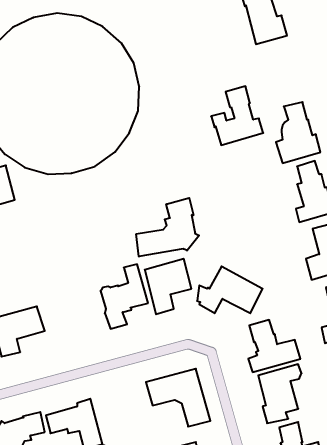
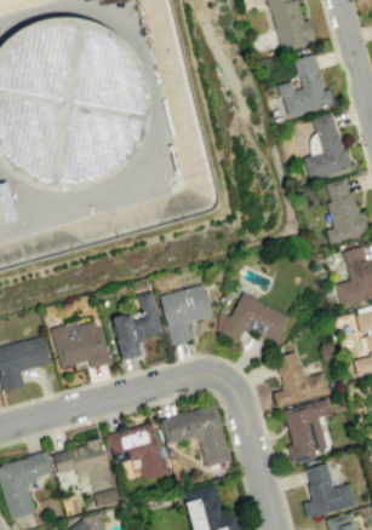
building: [211,86,263,145] -> [277,53,334,117]
building: [136,198,199,257] -> none
building: none -> [51,321,110,368]
building: none -> [105,424,162,480]

